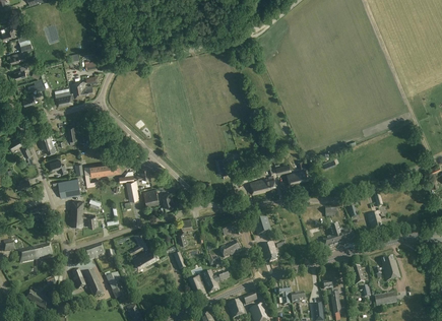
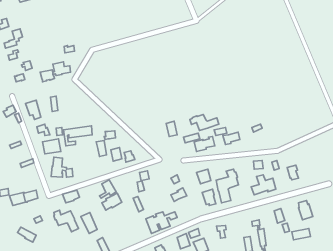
building: none -> [190,114,219,131]
building: none -> [216,169,238,203]

